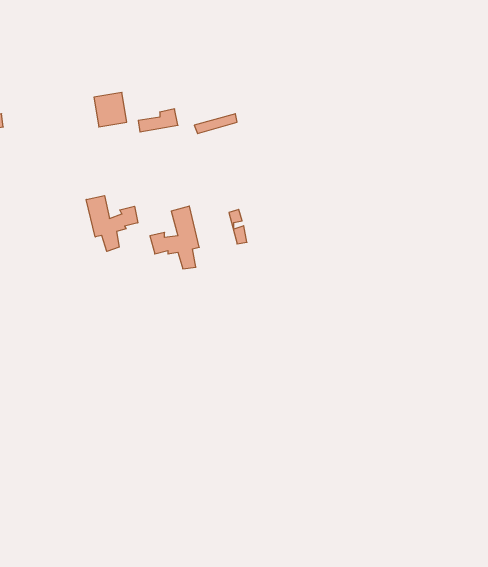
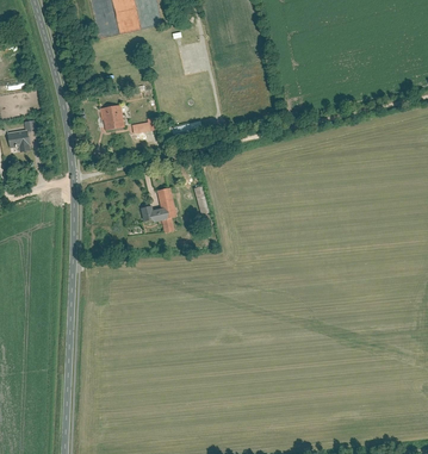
building: [86,196,138,251] -> none

